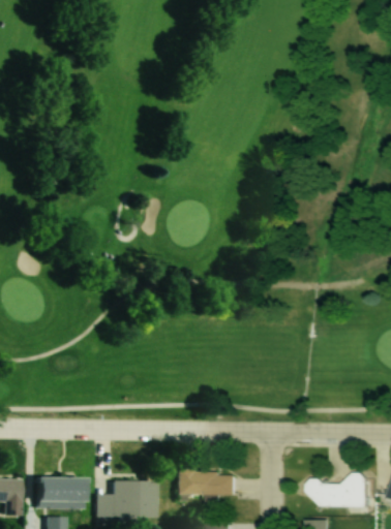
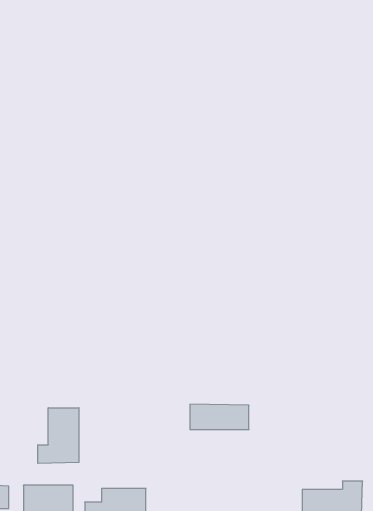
building: none -> [38,408,79,463]
building: [178,471,236,496] -> [190,404,249,430]

